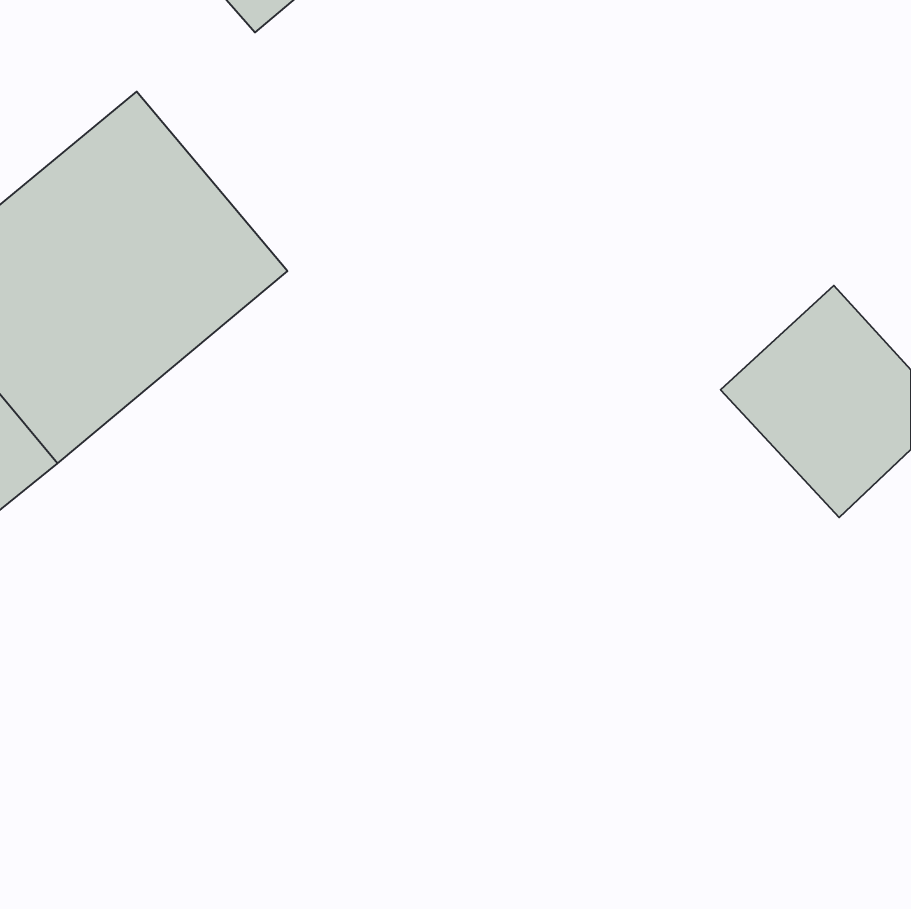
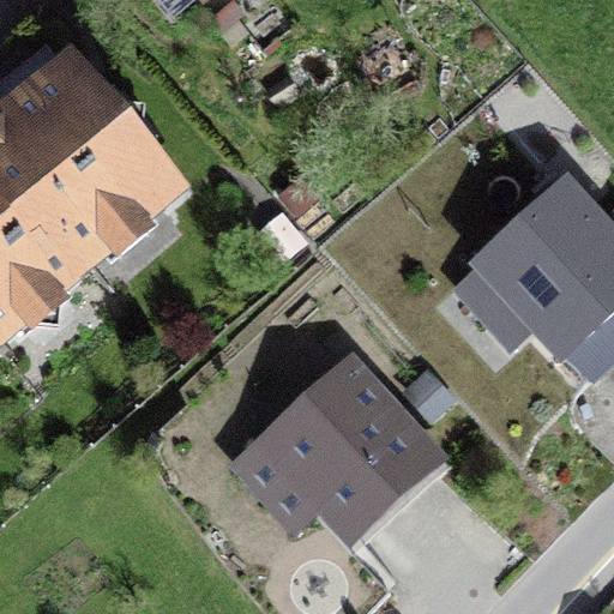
building: none -> [255,367,431,541]

